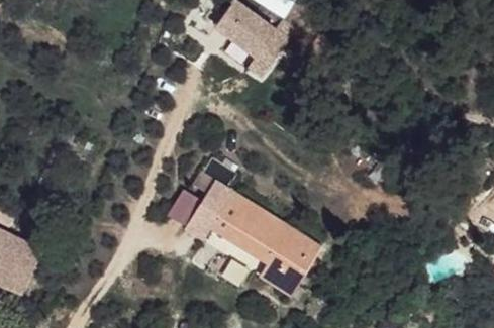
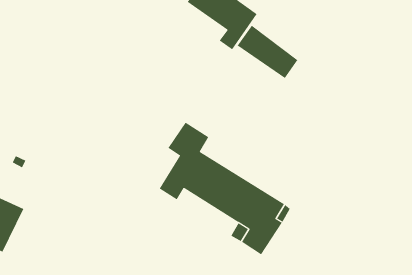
building: none -> [237,25,298,79]

